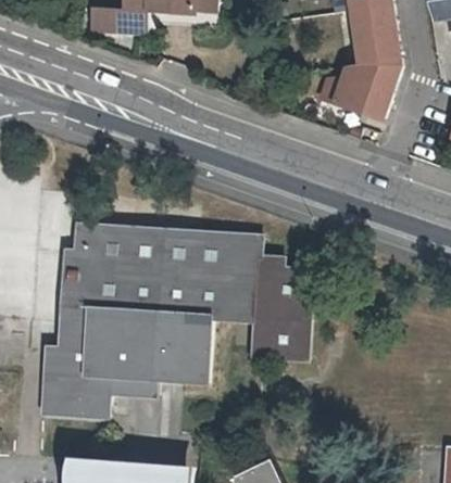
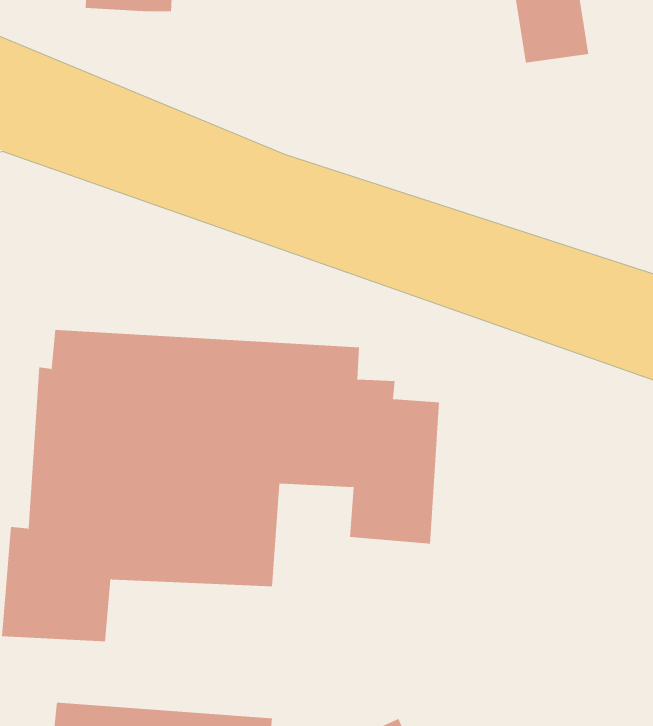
building: [334,60,400,122] -> none

